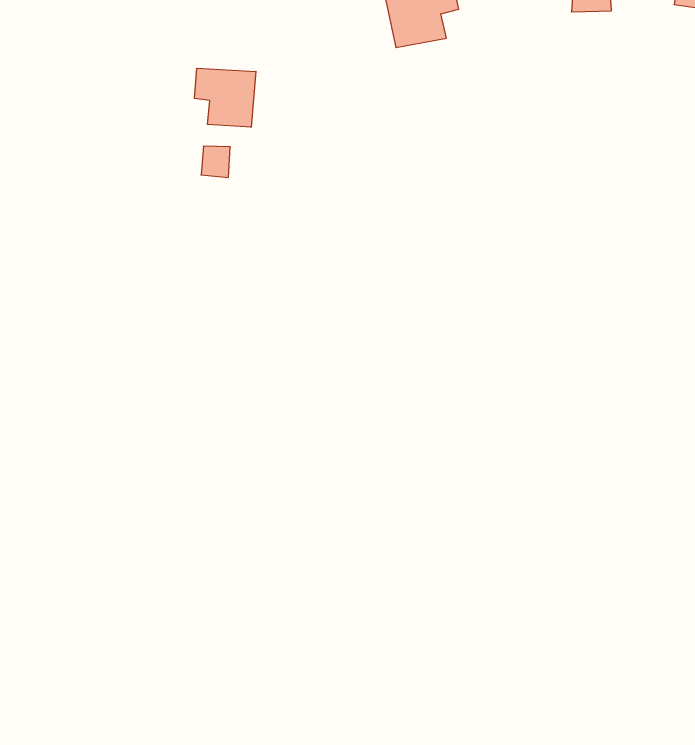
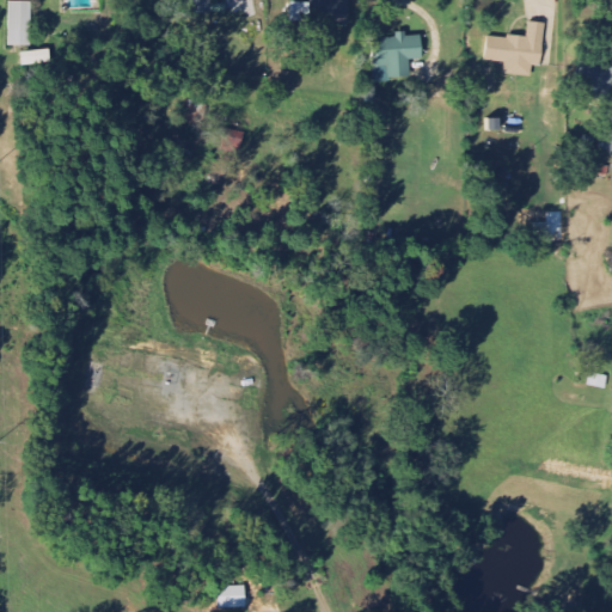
building: [194,68,256,127] -> none

